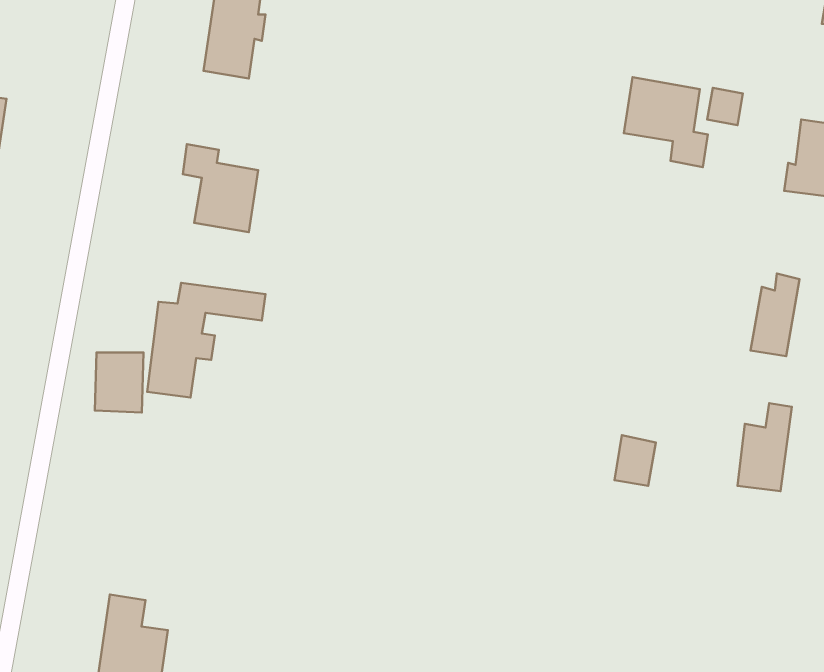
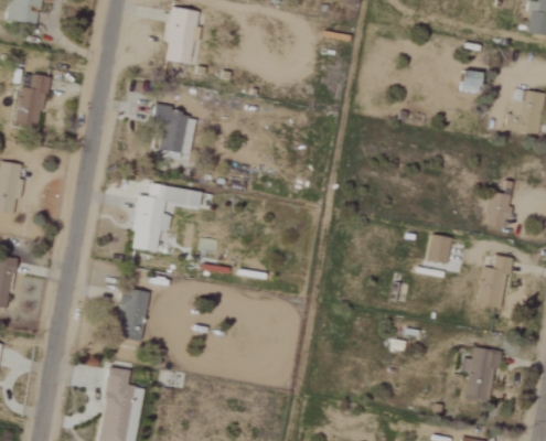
building: [624,77,708,167] -> none
building: [95,352,144,412] -> [119,290,148,325]
building: [614,435,656,486] -> [428,234,452,263]
building: none -> [462,346,500,400]

